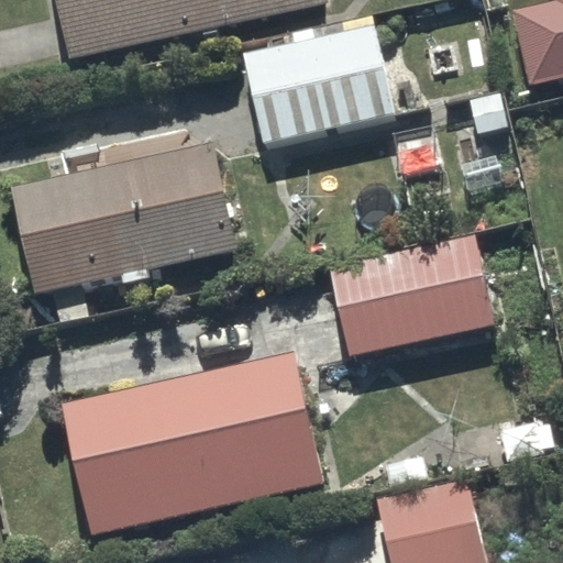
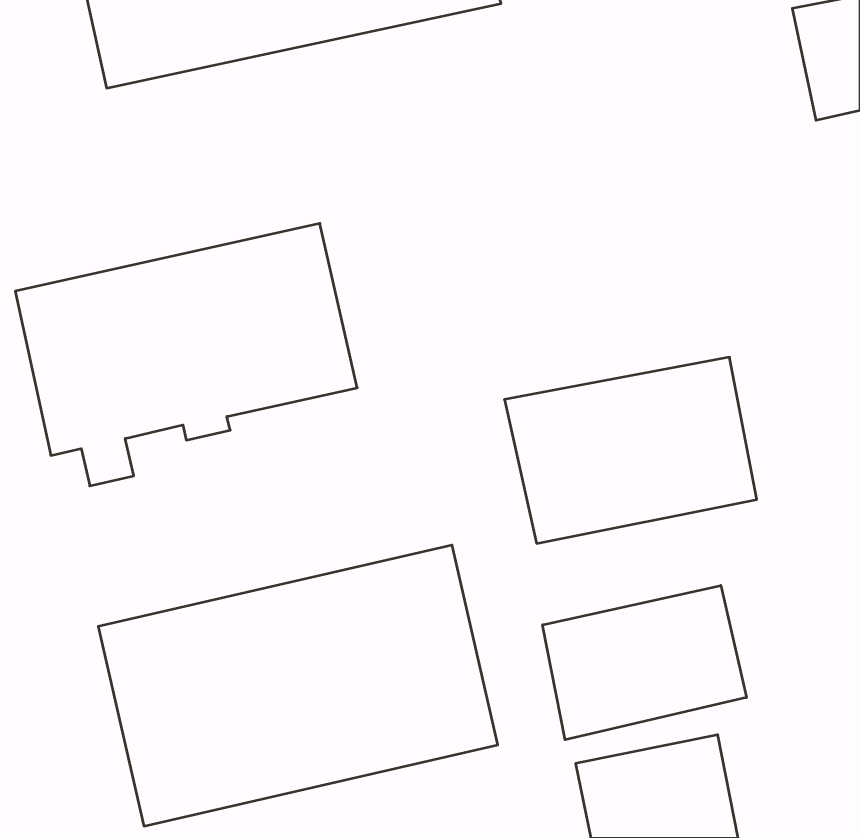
building: [244,10,394,141] -> none
building: none -> [543,585,746,740]

